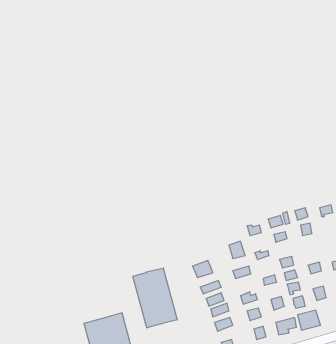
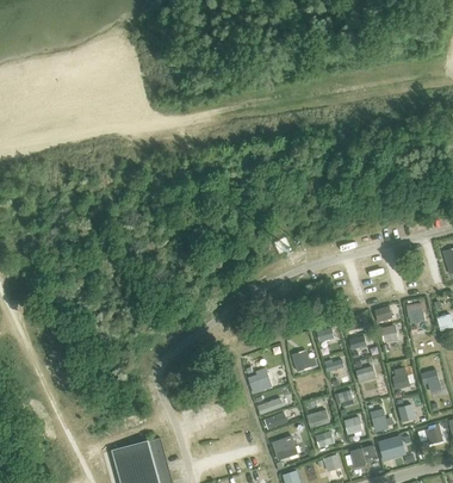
building: [133,268,177,328] -> none

